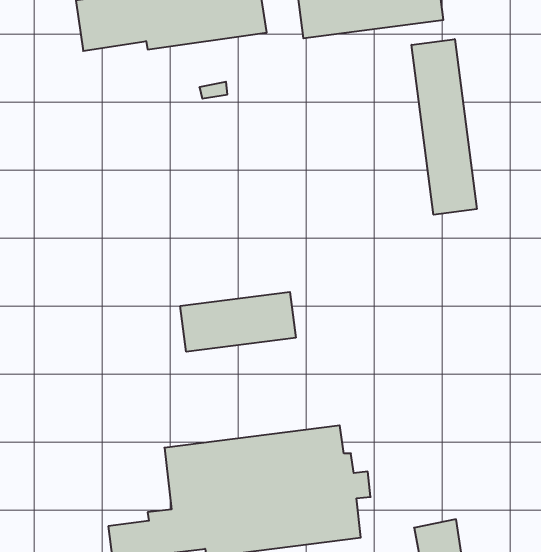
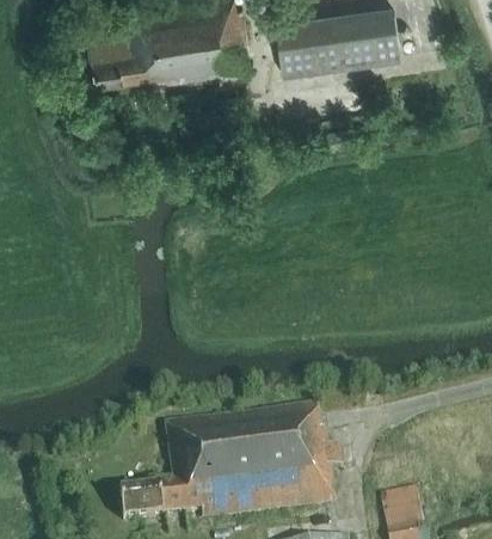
building: [412,39,477,215] -> none
building: [180,292,296,352] -> none

